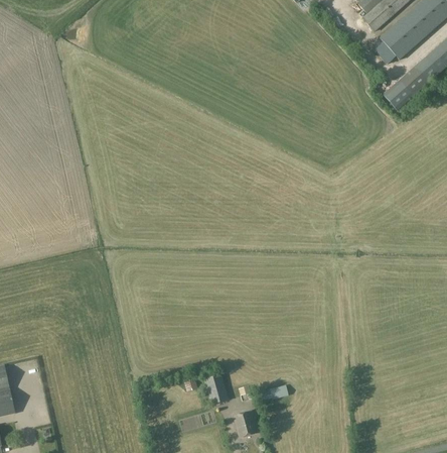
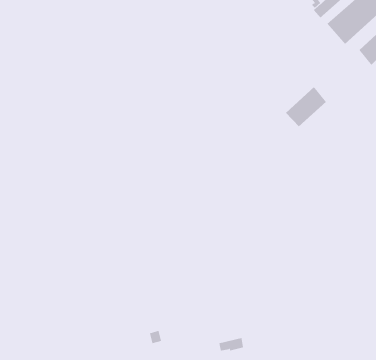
building: [383,66,429,111] -> [285,86,327,127]
building: [202,372,228,404] -> none

